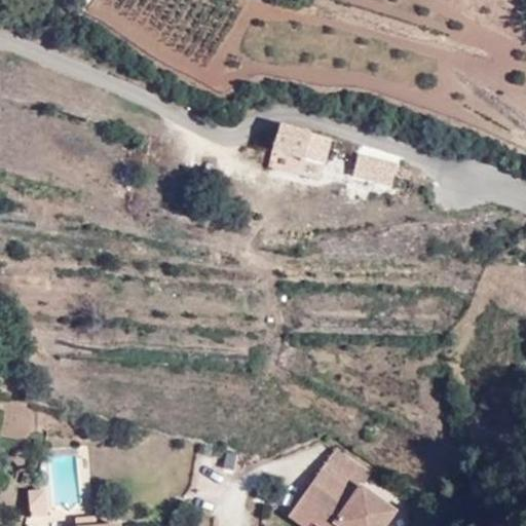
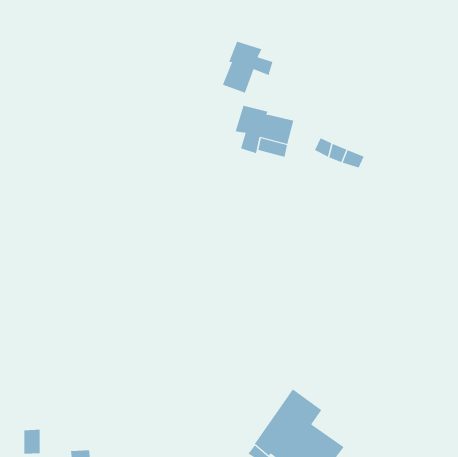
building: none -> [222,41,273,93]

